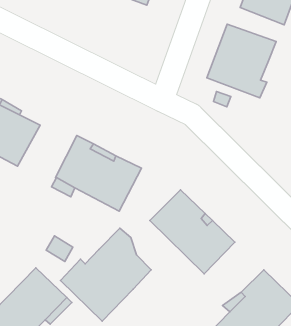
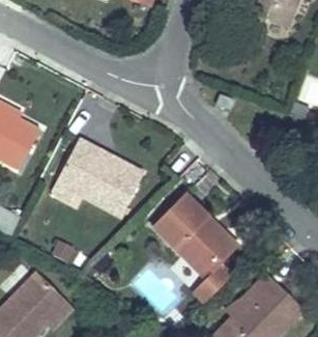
building: [207,24,276,98] -> none
building: [60,228,151,321] -> none

